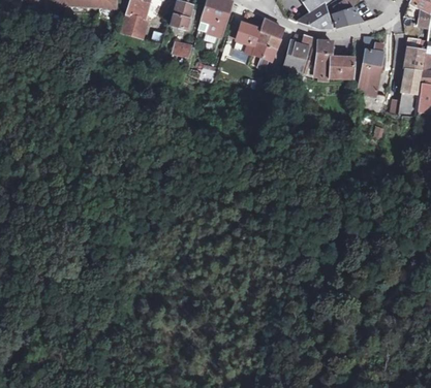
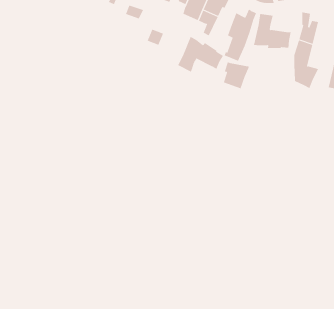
building: none -> [177,36,224,73]
building: none -> [223,61,250,89]

